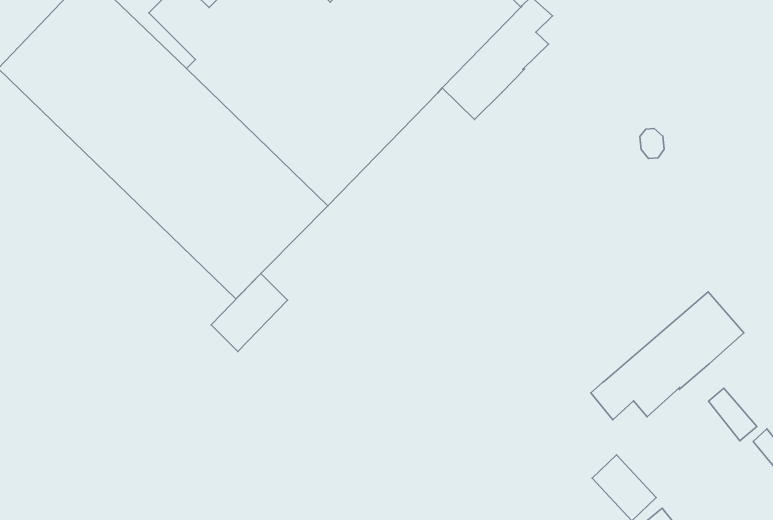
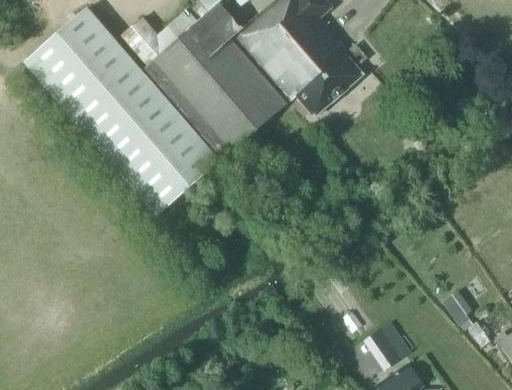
building: [211,274,287,352] -> none
building: [591,292,744,420] -> none

